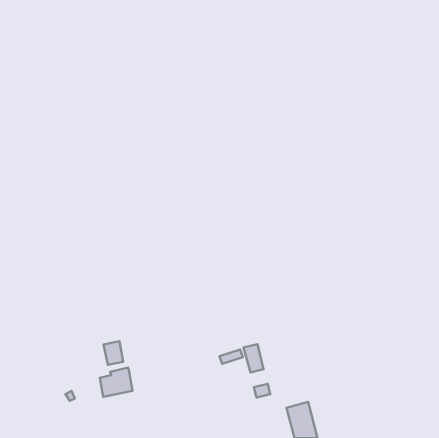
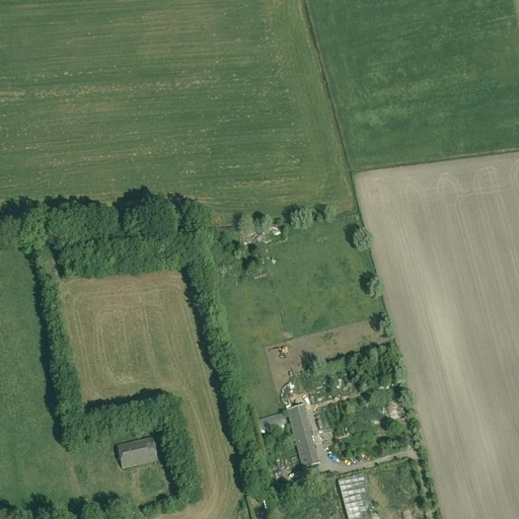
building: [103,341,123,365] -> none

